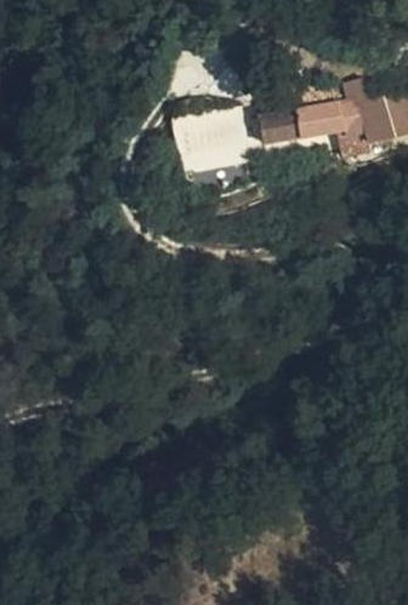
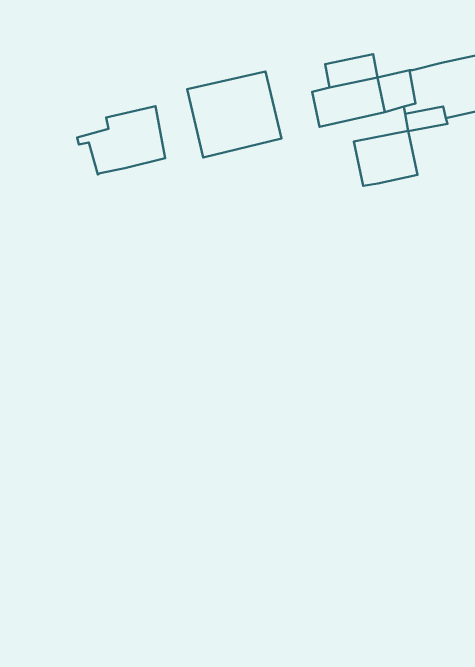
building: none -> [77,106,165,174]
building: none -> [354,131,418,186]

